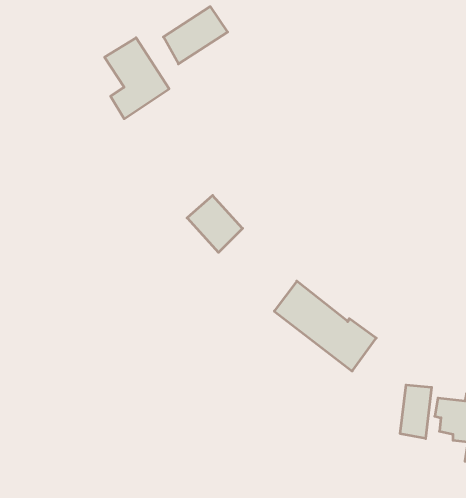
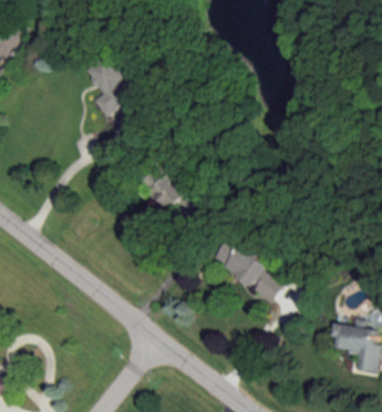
building: [163,7,228,64] -> none
building: [400,385,432,439] -> none

